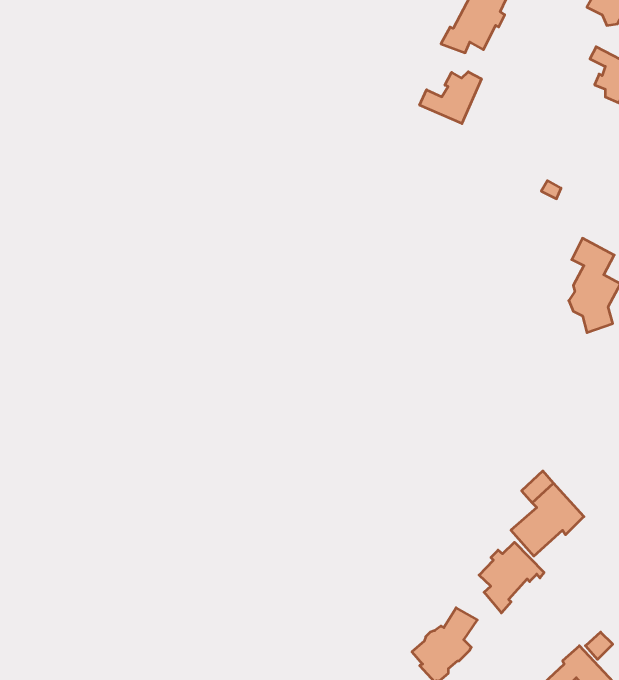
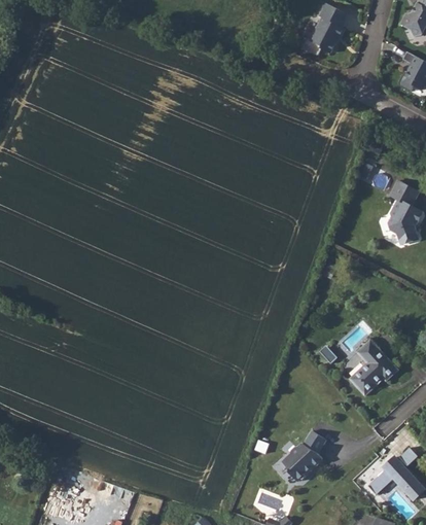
building: [420,72,481,124] -> none
building: [479,542,544,613] -> none

